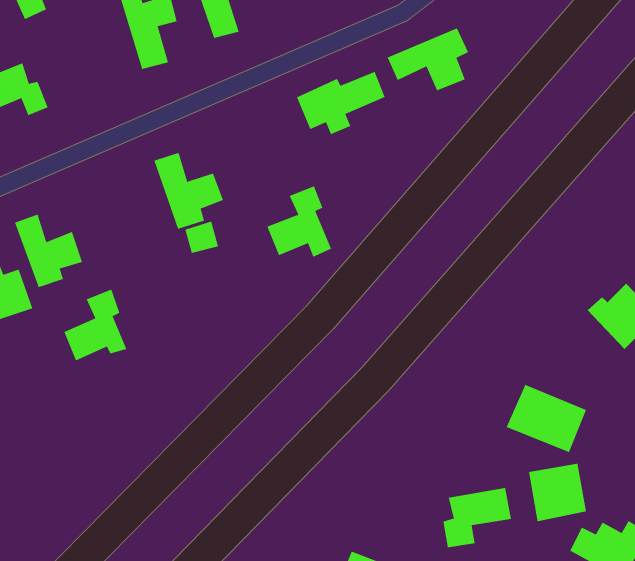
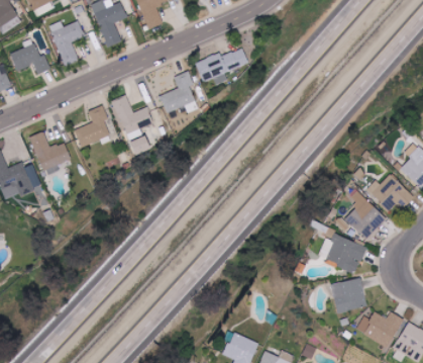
building: none -> [47,20,84,64]
building: [387,27,469,91] -> none
building: [266,185,332,258] -> [160,71,198,113]
building: [64,289,127,361] -> [74,105,111,148]
building: none -> [344,188,387,241]
building: [443,487,511,548] -> none

